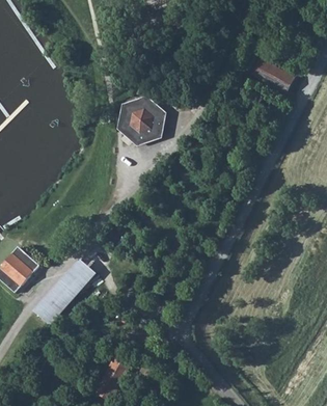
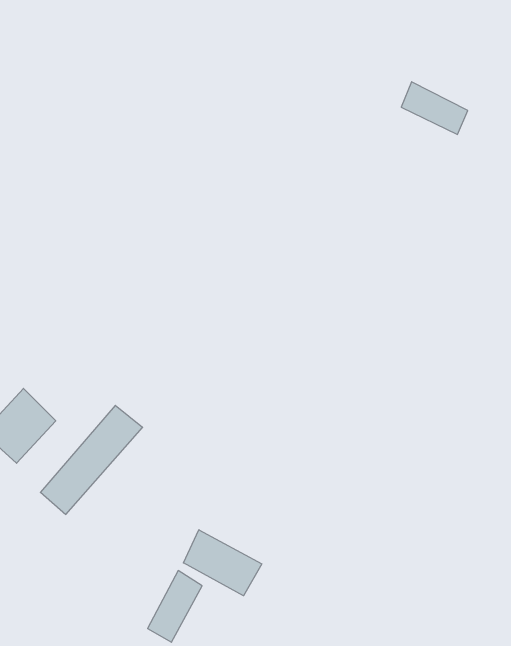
building: [121,99,165,145] -> none
building: none -> [183,530,262,596]

